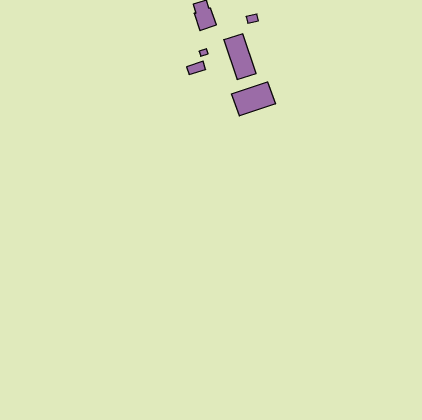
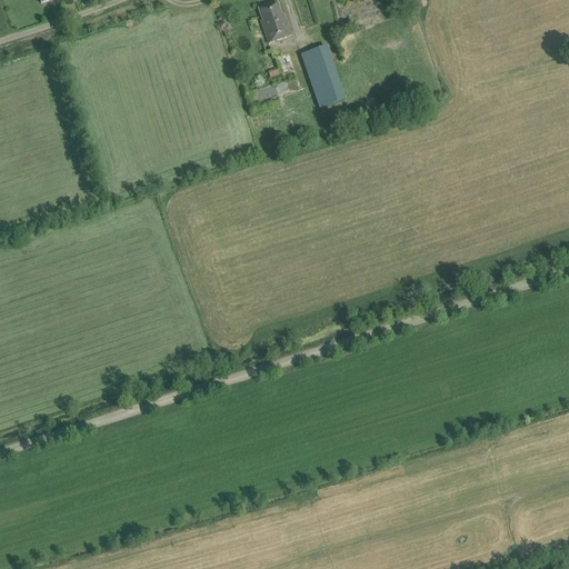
building: [232,82,275,116] -> none

